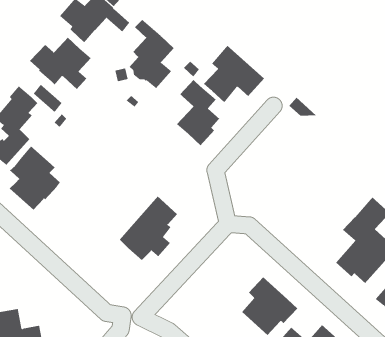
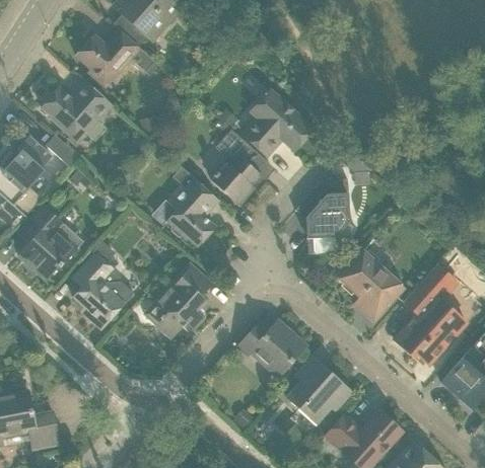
building: [129,19,175,89] -> [166,166,219,246]
building: none -> [296,177,356,242]
building: none -> [72,239,134,329]
building: none -> [339,250,405,321]
building: none -> [237,319,306,376]

